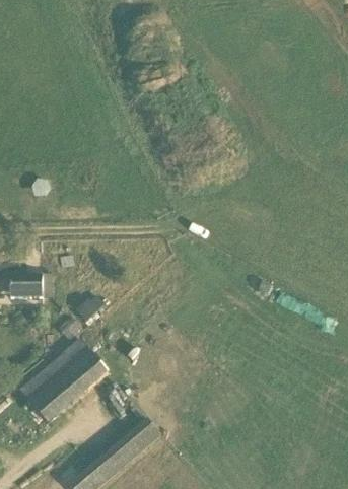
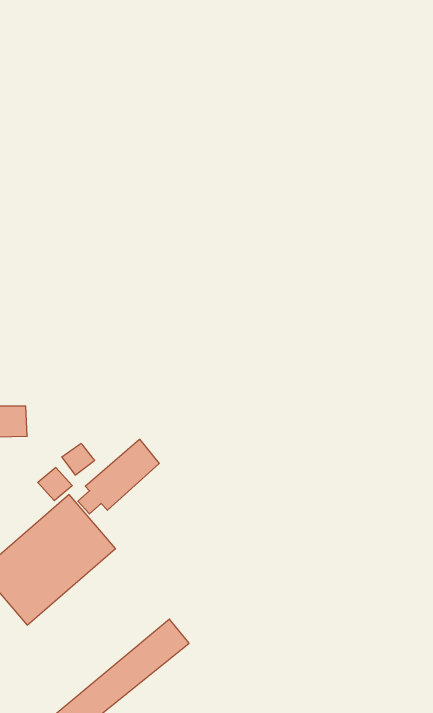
building: none -> [78,439,159,514]

